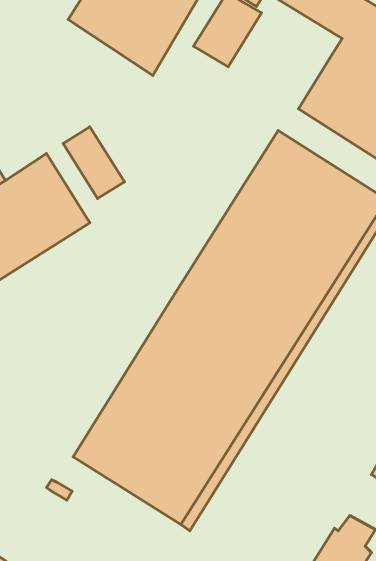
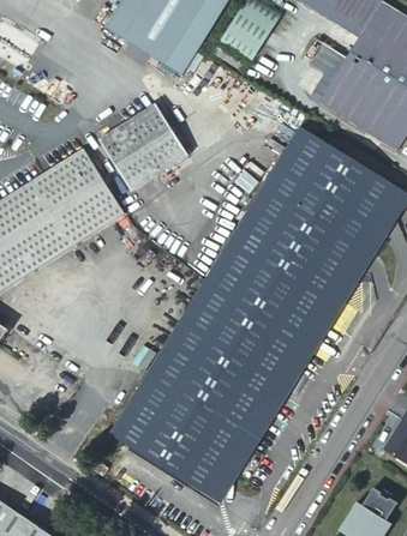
building: none -> [312,46,349,107]
building: none -> [125,104,188,175]

